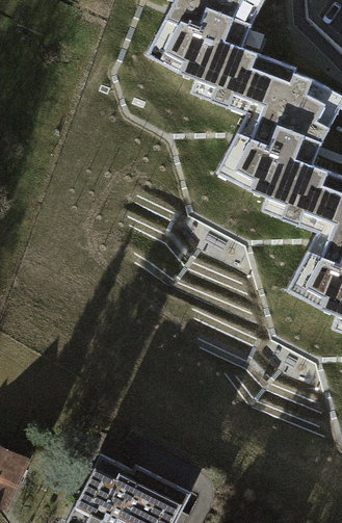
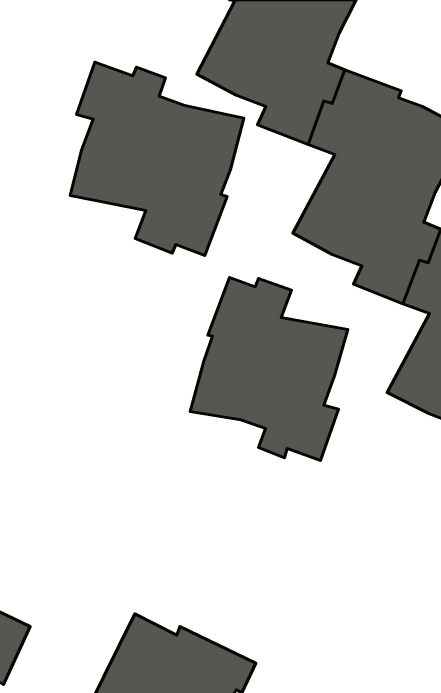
building: none -> [70,62,244,255]
building: none -> [190,277,348,460]

